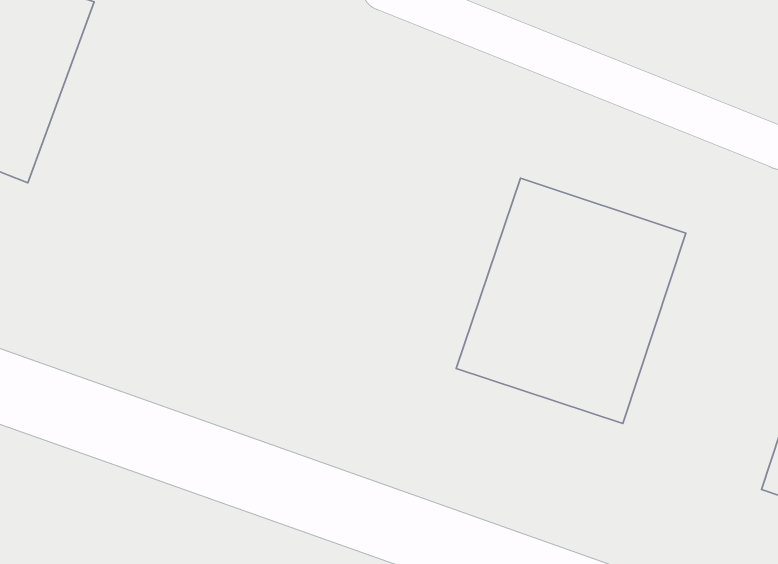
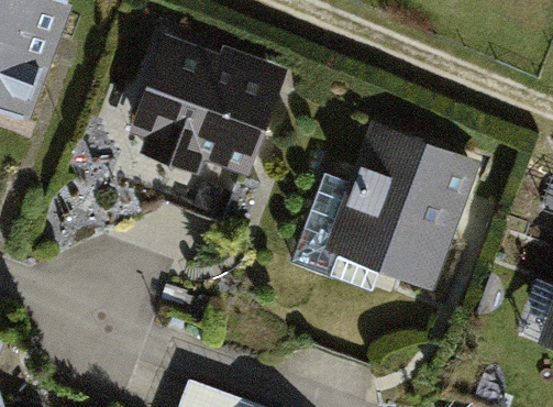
building: none -> [125,38,285,180]

